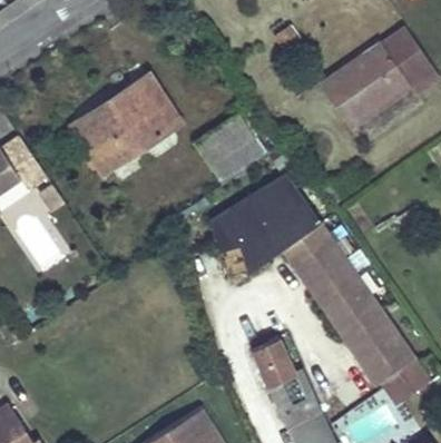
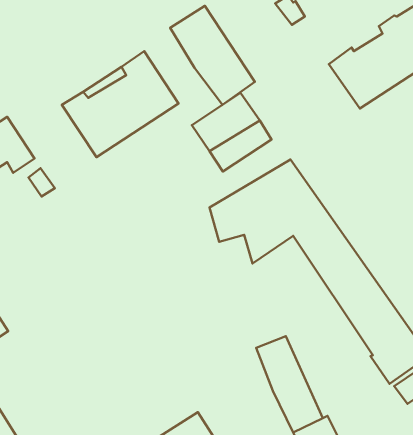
building: none -> [170,6,255,105]

